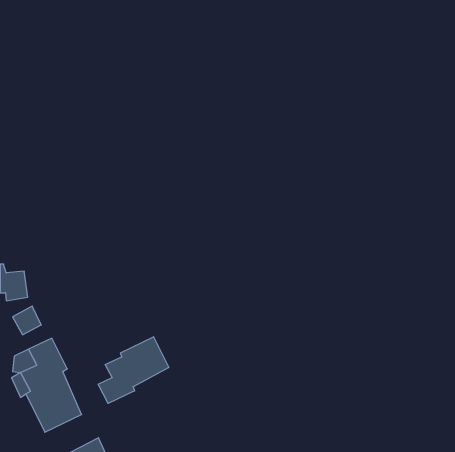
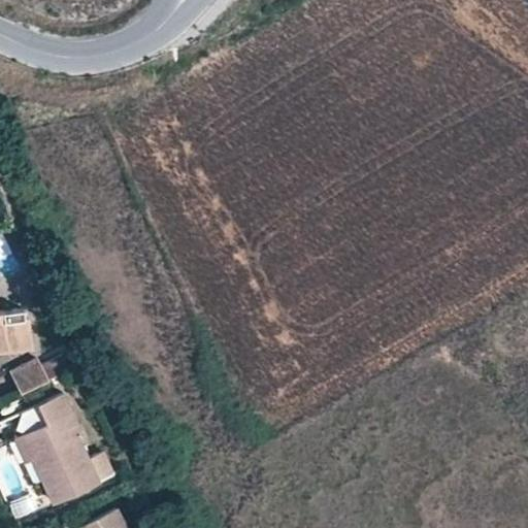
building: [98,337,169,403] -> none

